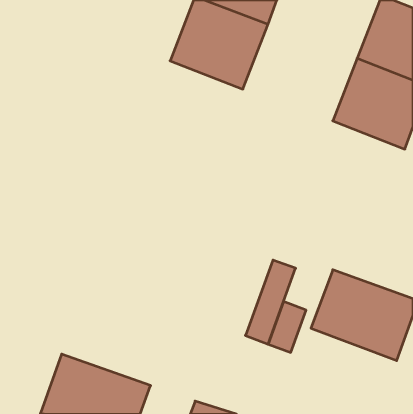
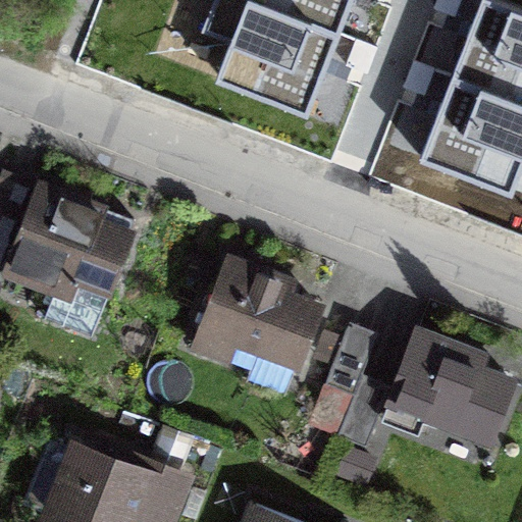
building: none -> [6,192,141,315]
building: none -> [199,258,324,373]

